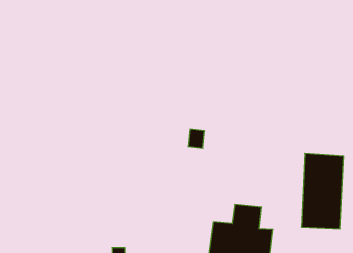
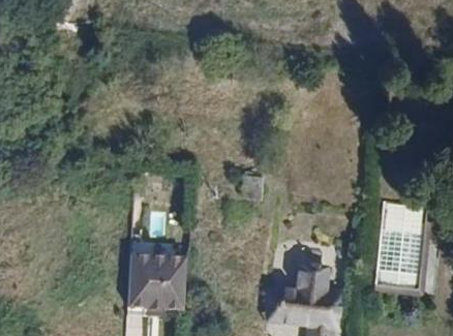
building: none -> [126,252,186,308]

